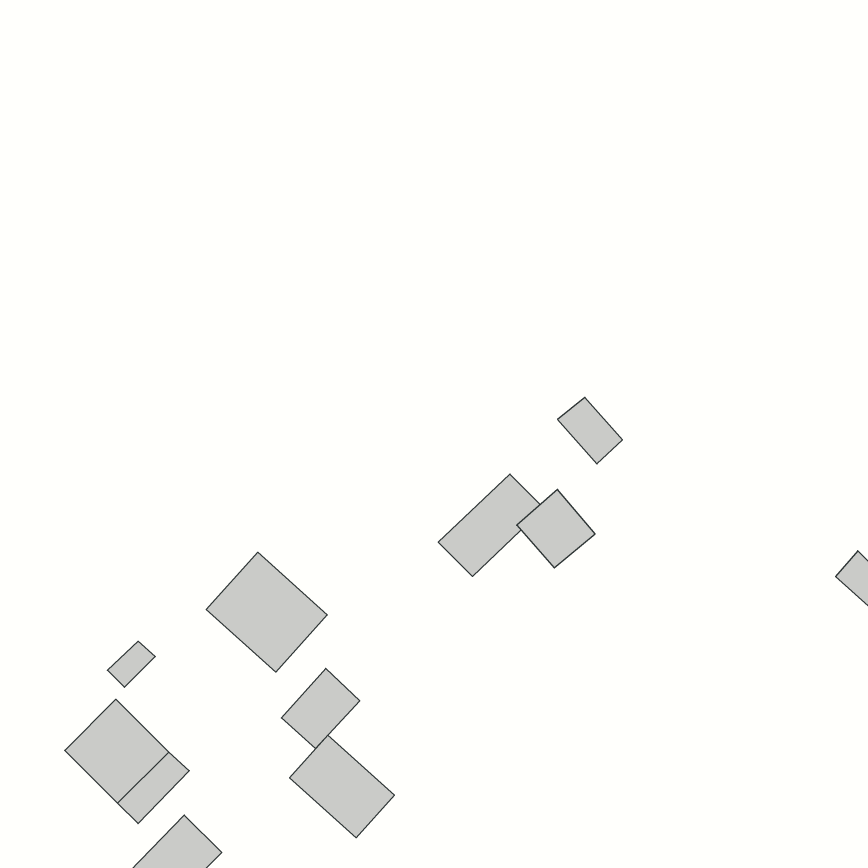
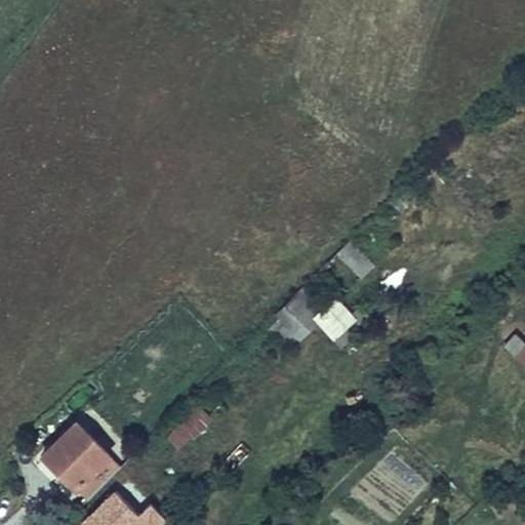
building: [206,552,327,672] -> none
building: [290,735,394,838] -> none

